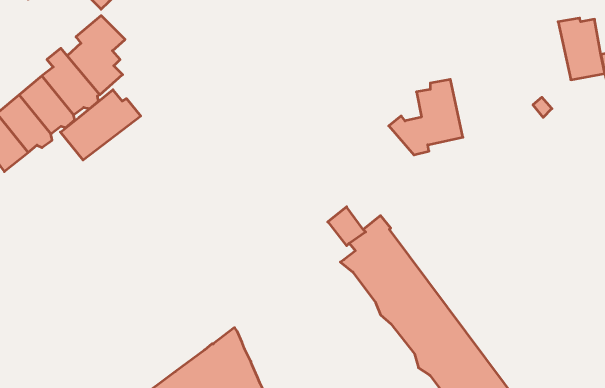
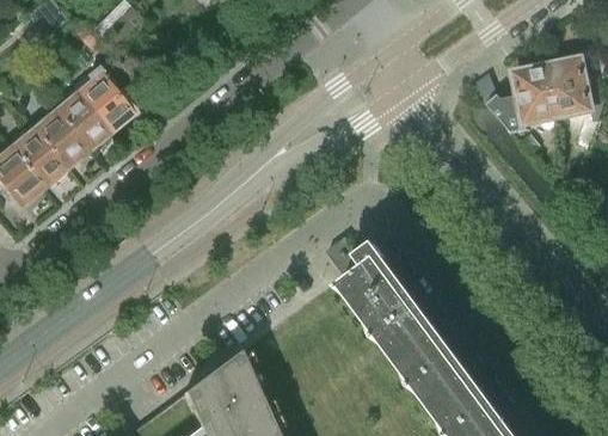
building: [389,79,463,155] -> [486,63,557,135]
building: [60,90,141,160] -> none

